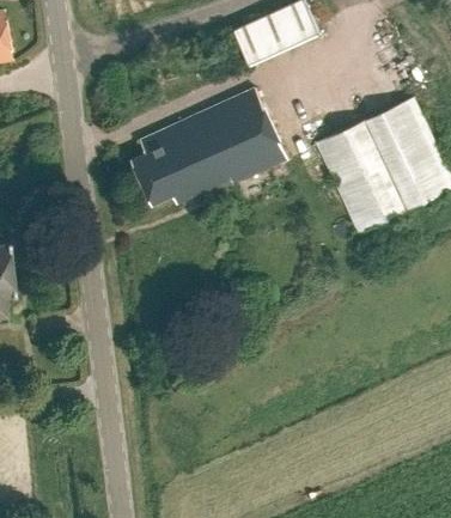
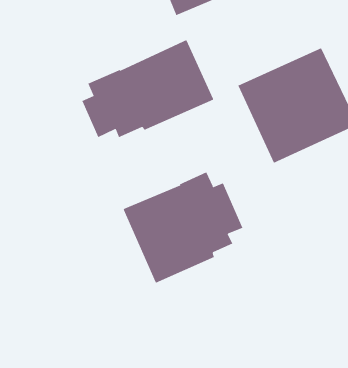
building: none -> [123,172,243,284]

